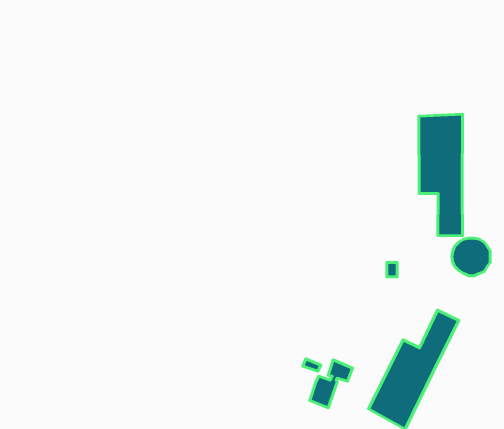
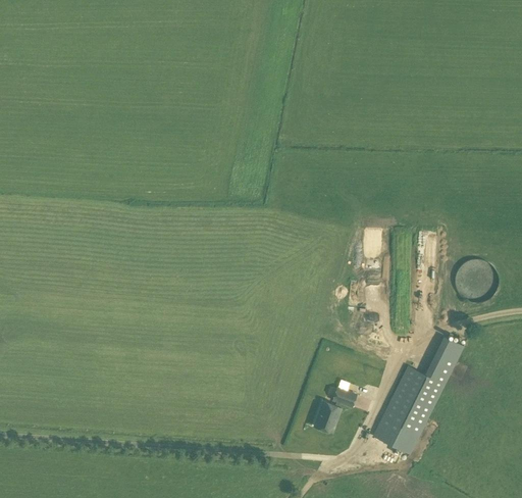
building: [419,114,462,236] -> none

